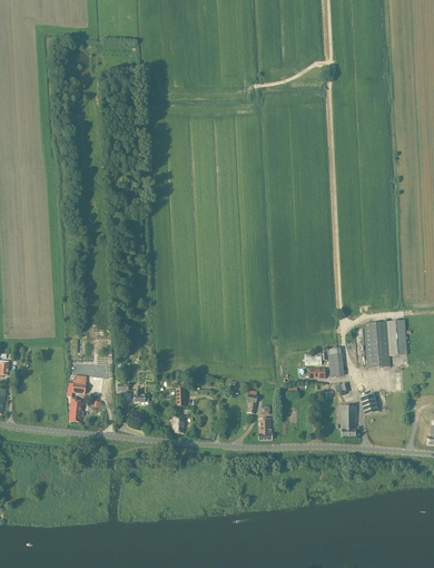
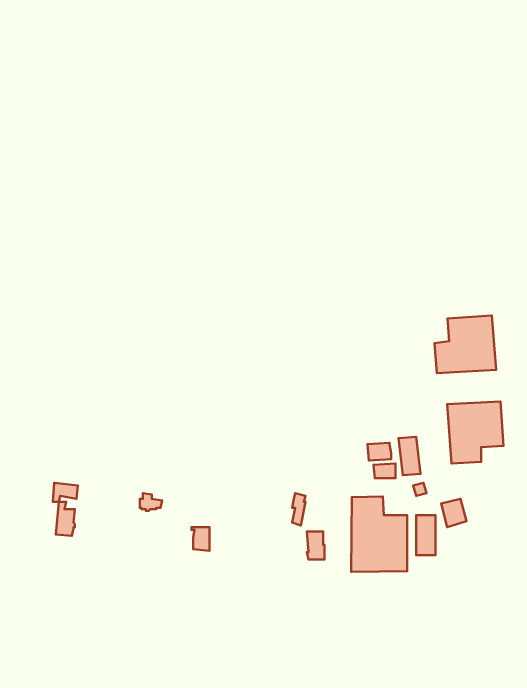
building: none -> [434,316,496,373]
building: none -> [351,497,407,572]

